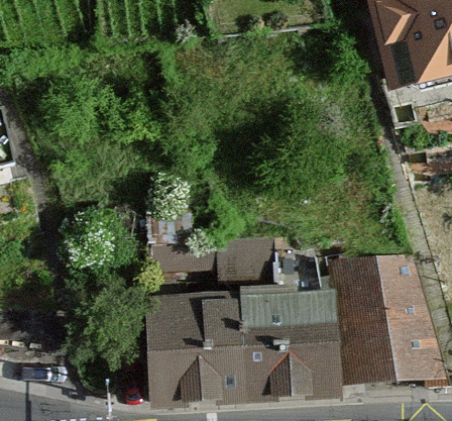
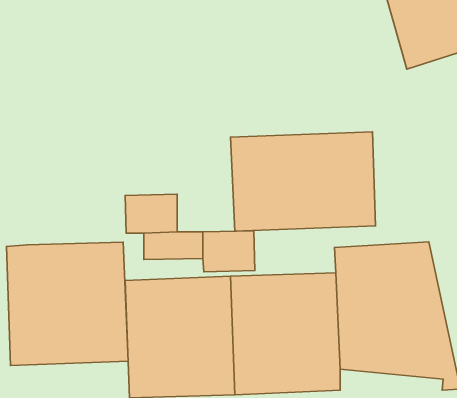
building: none -> [231,132,375,231]
building: none -> [6,242,128,366]

